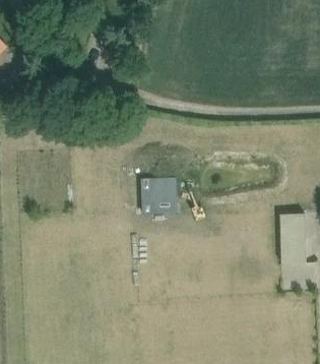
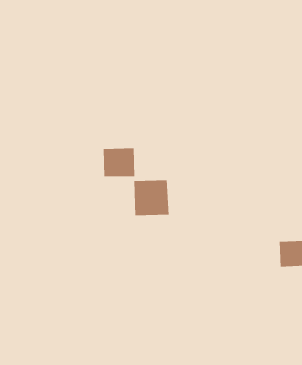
building: none -> [103,147,135,177]

